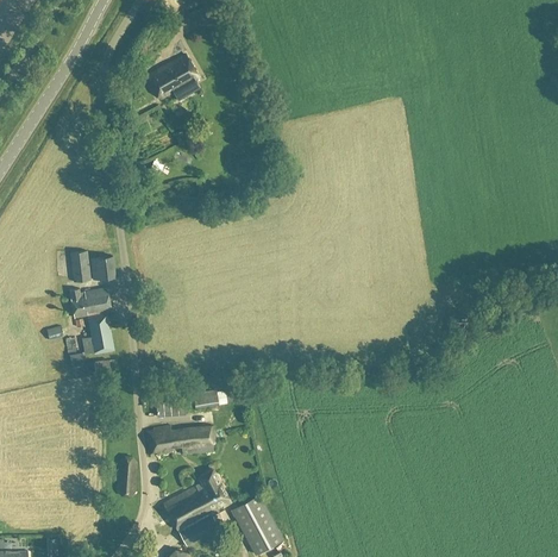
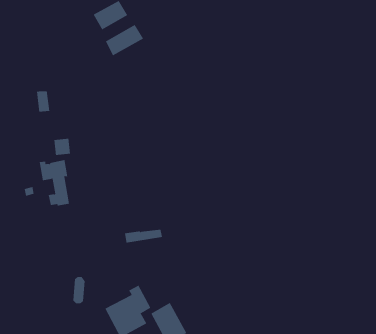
building: none -> [105,24,144,56]
building: [69,251,89,282] -> [36,91,50,112]
building: [146,424,214,456] -> none

